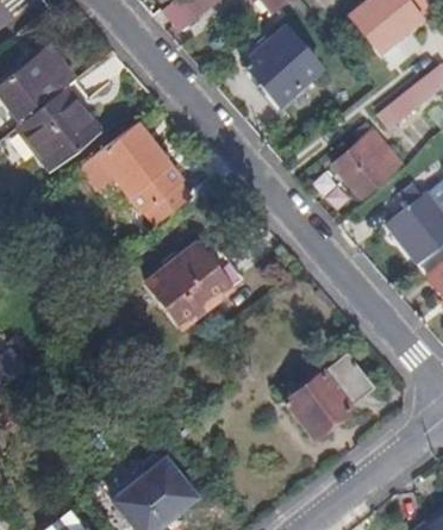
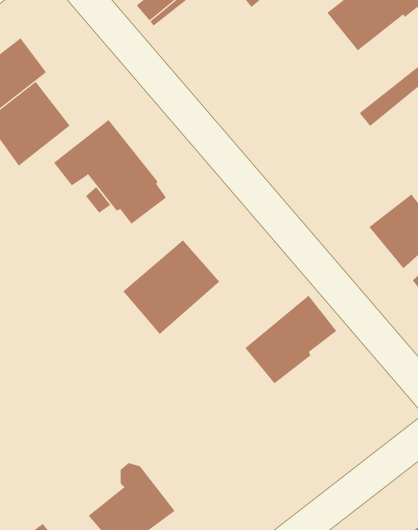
building: [244,30,320,106] -> none
building: [331,132,400,199] -> none
building: [282,354,372,439] -> [244,295,337,384]

